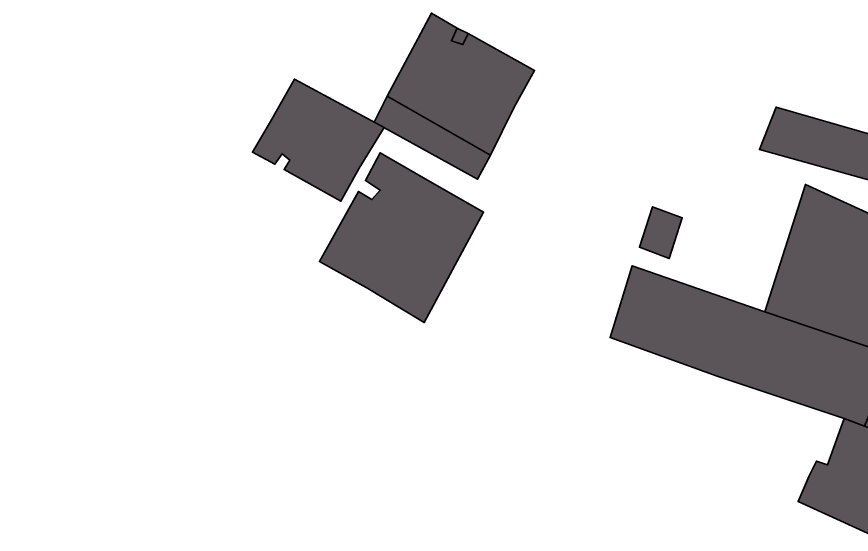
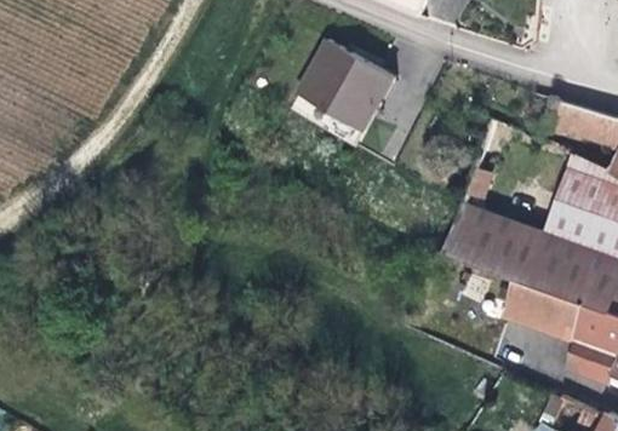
building: [253,79,384,201] -> none
building: [320,153,483,323] -> none
building: none -> [502,277,597,343]

